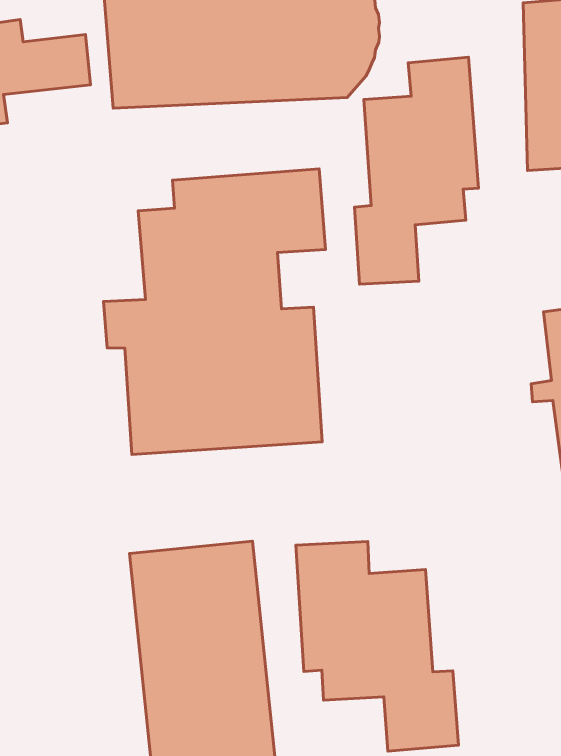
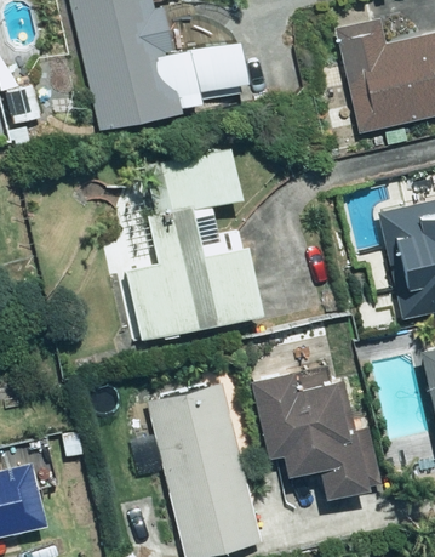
building: [354,57,478,284] -> none

